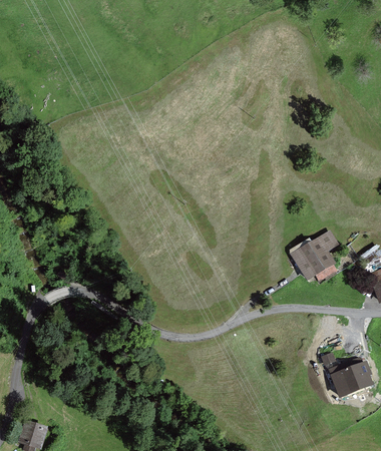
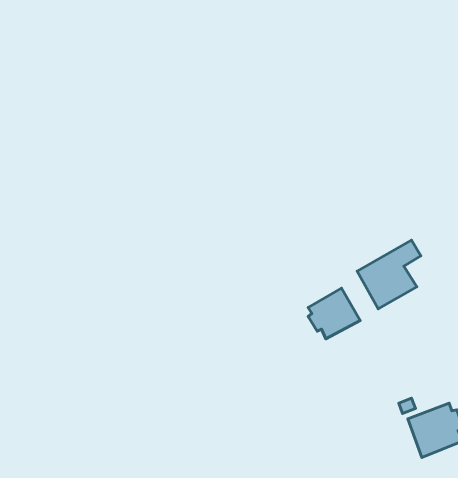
building: none -> [308,288,360,339]

